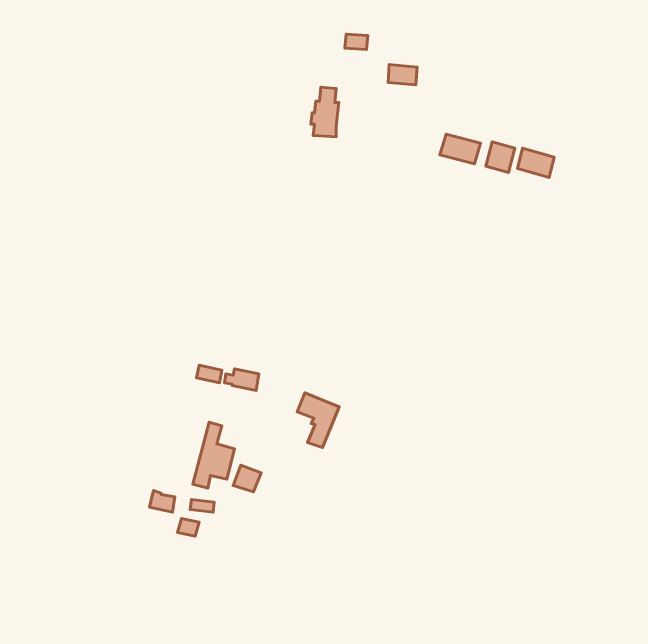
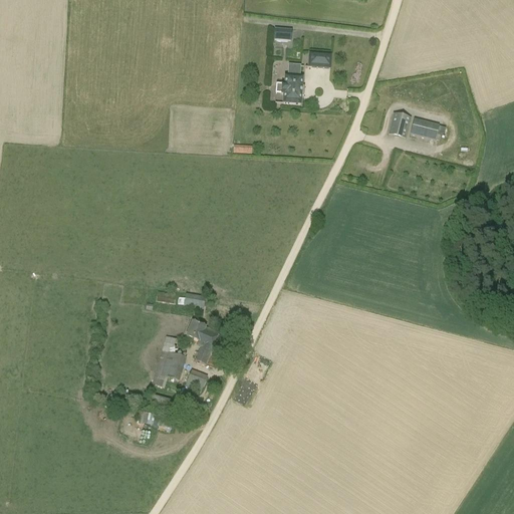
building: [311,87,339,137] -> [280,63,302,102]
building: [440,134,481,164] -> none
building: [297,393,339,447] -> [186,320,219,363]

